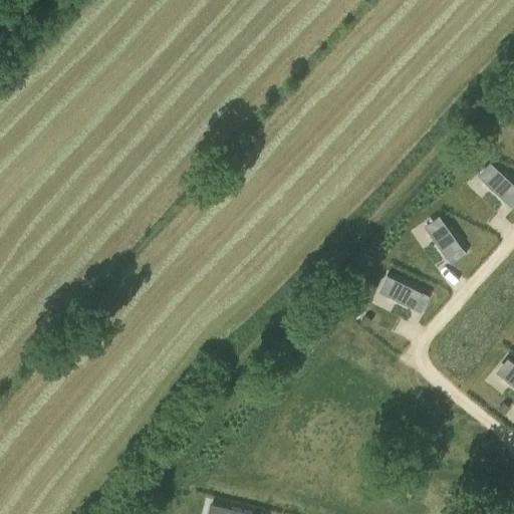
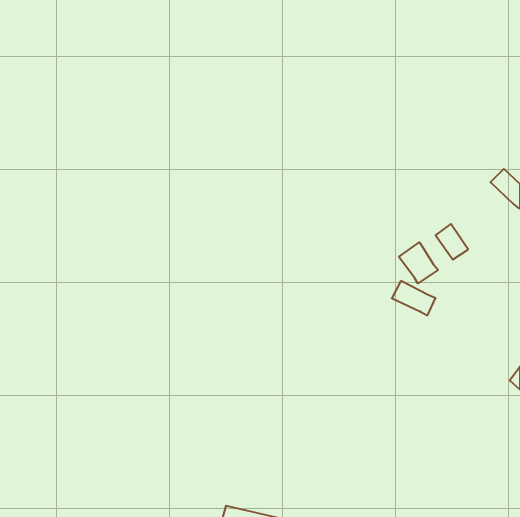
building: none -> [399,242,438,283]

